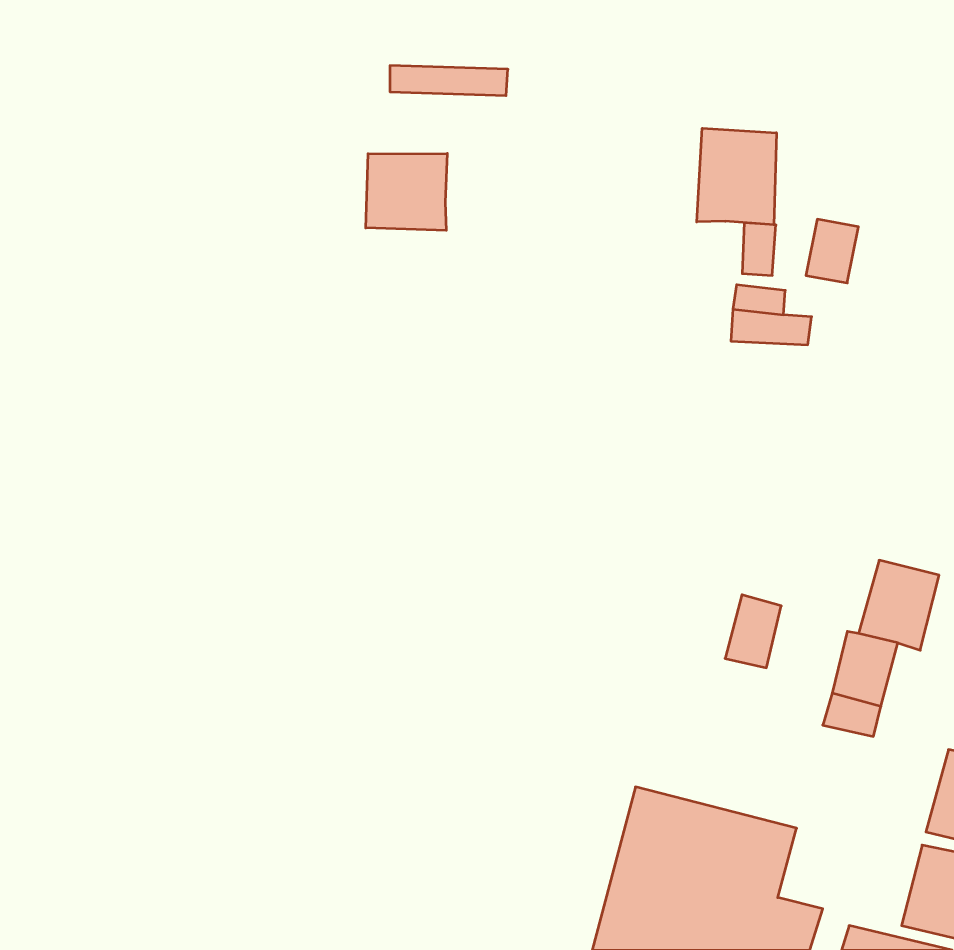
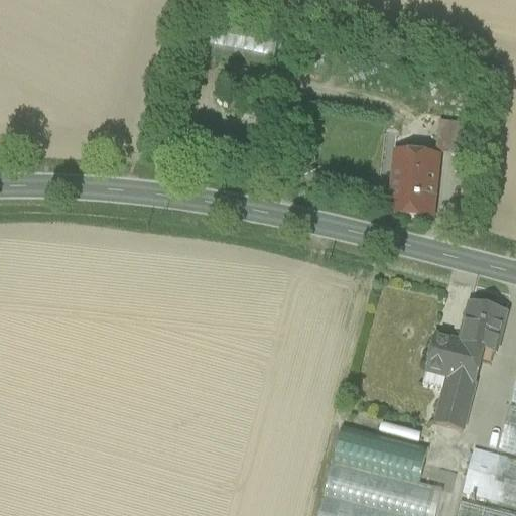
building: [697,128,776,225] -> none
building: [366,153,447,230] -> none
building: none -> [392,183,436,217]
building: [725,595,781,668] -> [427,334,458,373]
building: none -> [436,390,472,428]
building: none -> [461,447,498,498]

